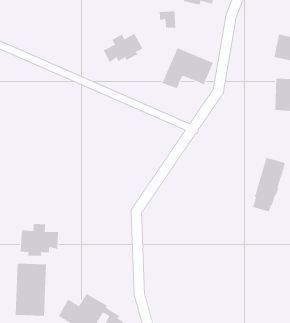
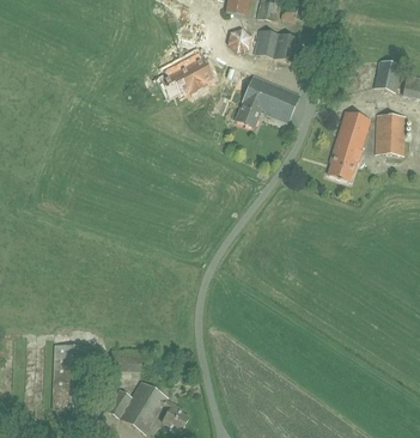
building: none -> [254,29,299,62]
building: [252,157,286,212] -> [327,111,369,180]
building: [20,223,59,257] -> none

